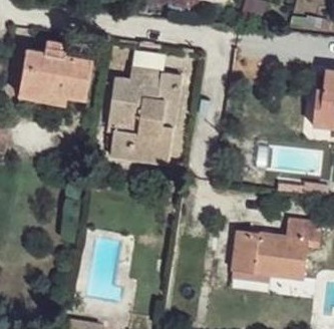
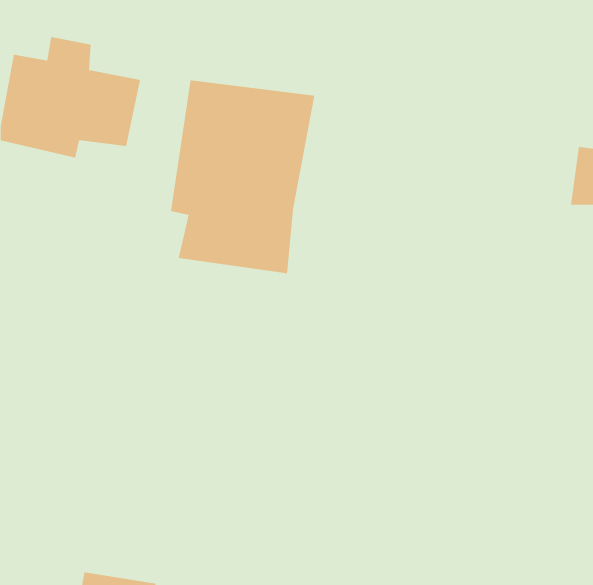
building: [230,223,320,280] -> none

